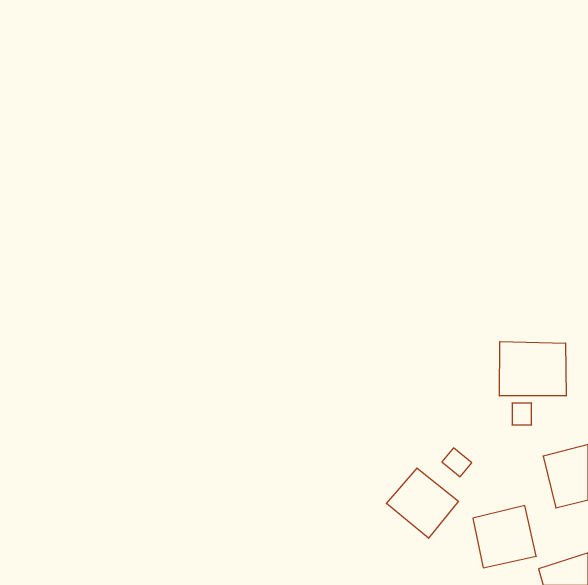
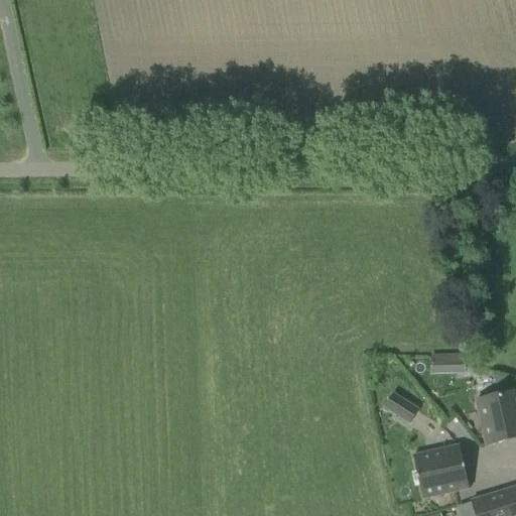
building: [499,342,566,396] -> none
building: [386,468,458,538] -> none

